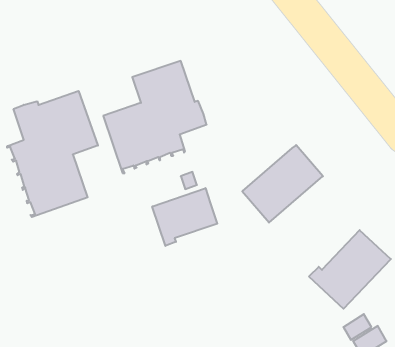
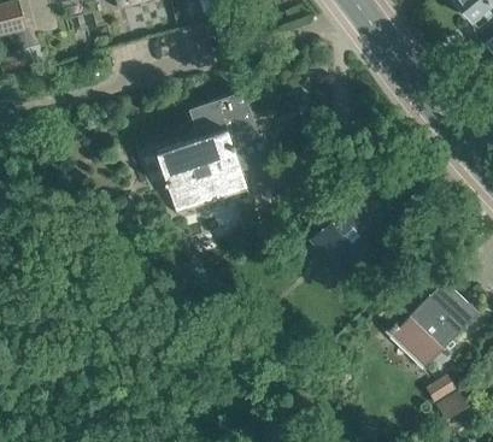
building: [7,91,98,217] -> none
building: [152,188,217,246] -> none

